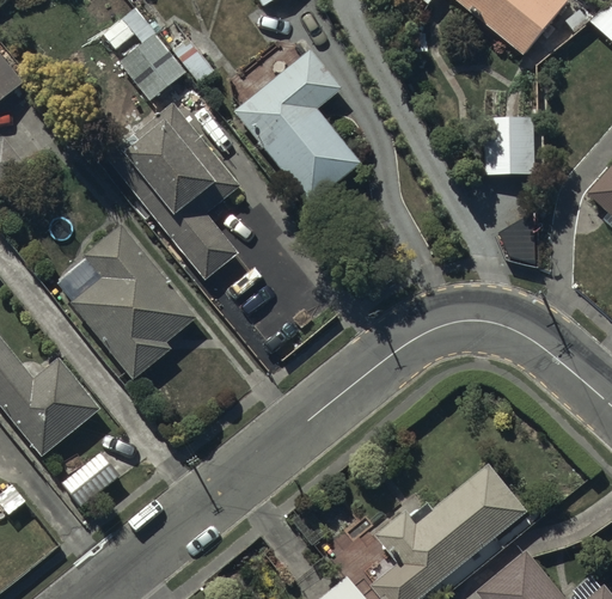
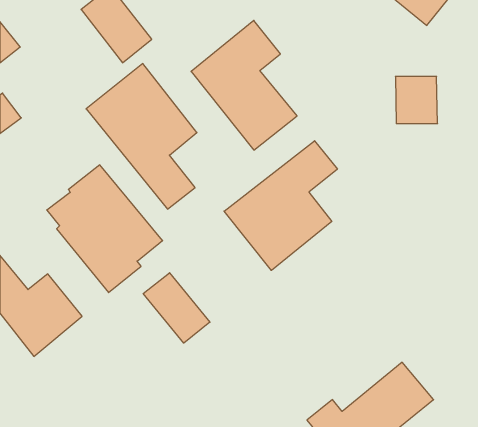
building: none -> [224,141,337,270]
building: none -> [143,273,210,343]

